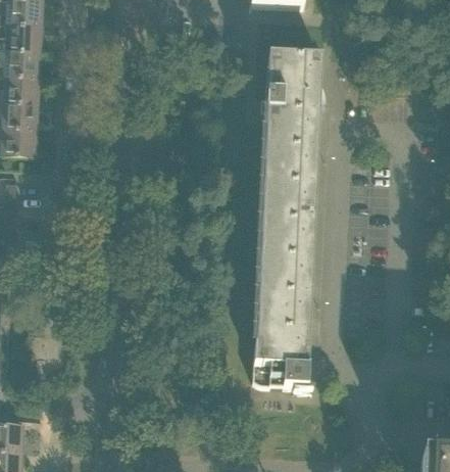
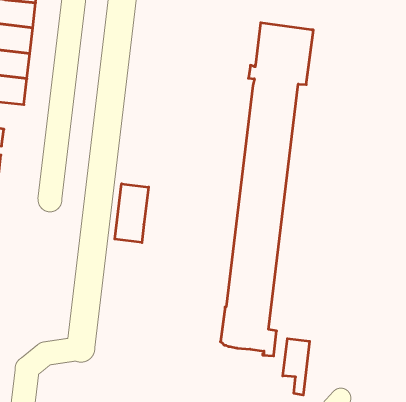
building: none -> [115,184,149,243]
building: none -> [283,339,310,395]

